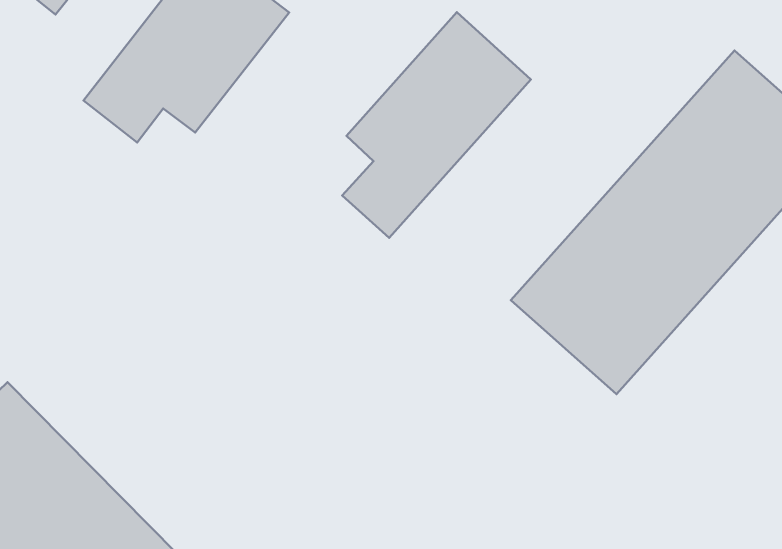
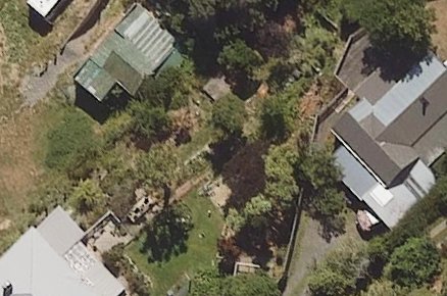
building: [342,12,531,238] -> none

